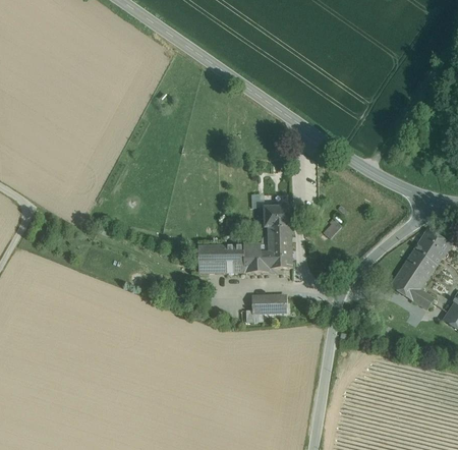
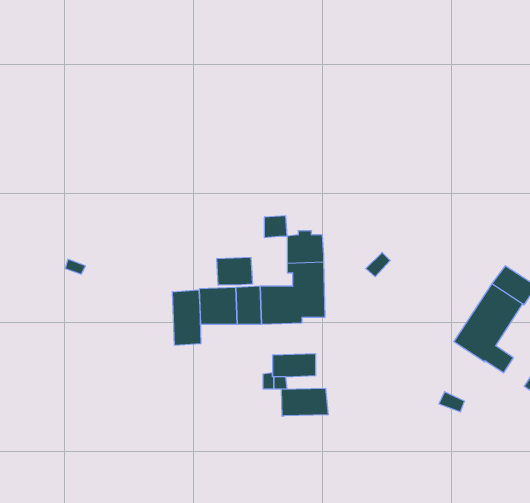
building: none -> [217,257,252,285]
building: none -> [172,290,201,345]
building: none -> [282,388,328,416]

